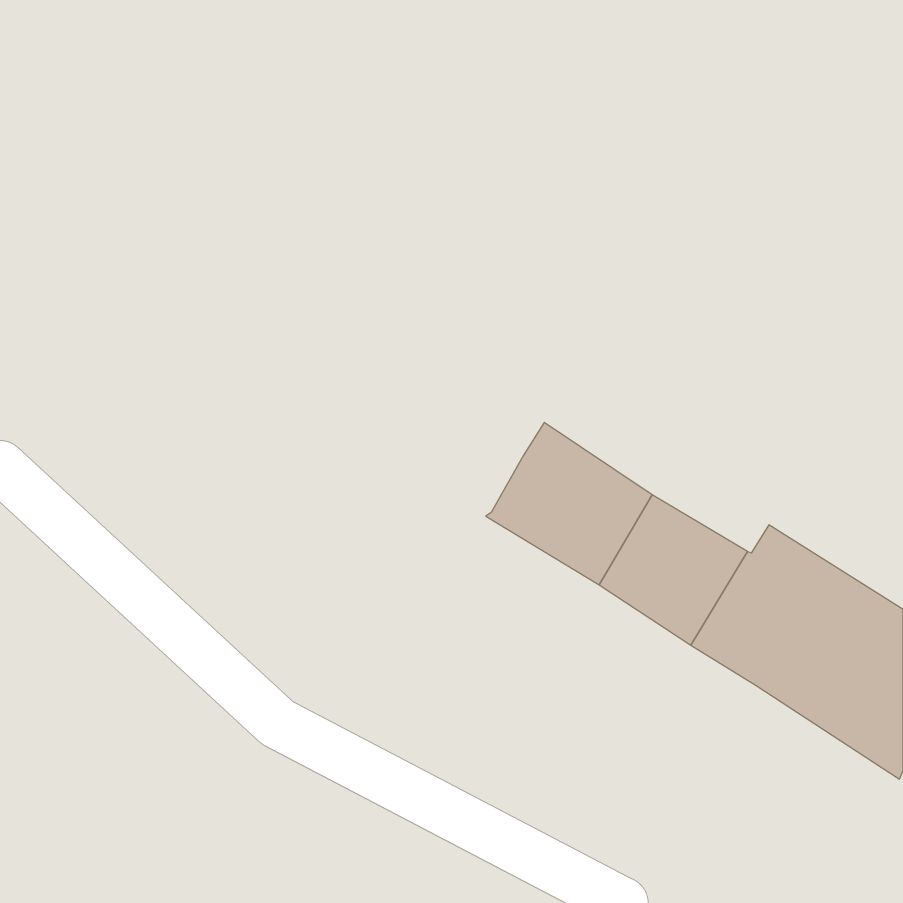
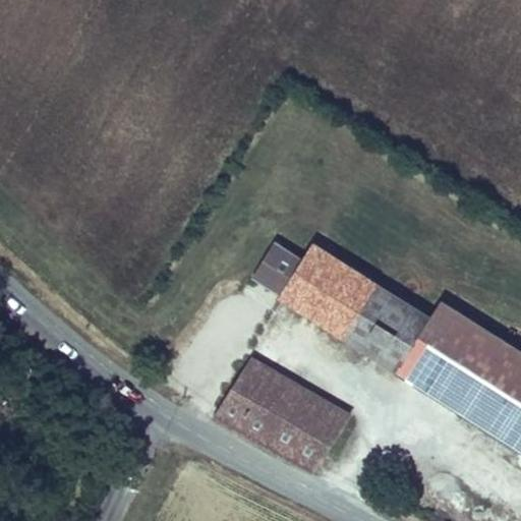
building: none -> [254,244,301,295]
building: none -> [215,356,347,473]

